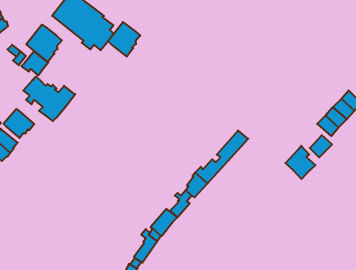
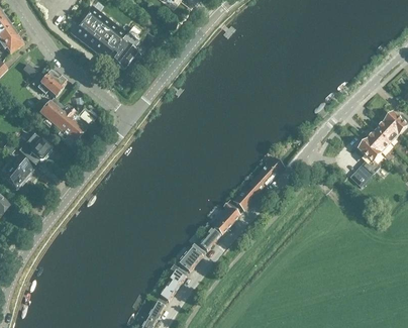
building: [108,22,140,57] -> none
building: [26,25,62,62] -> none
building: [285,146,315,179] -> none

